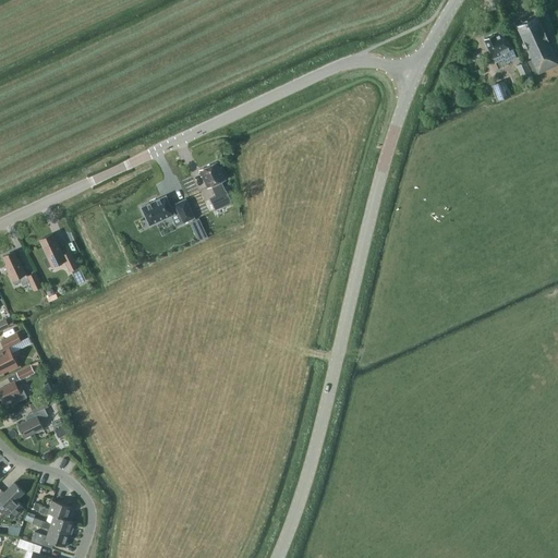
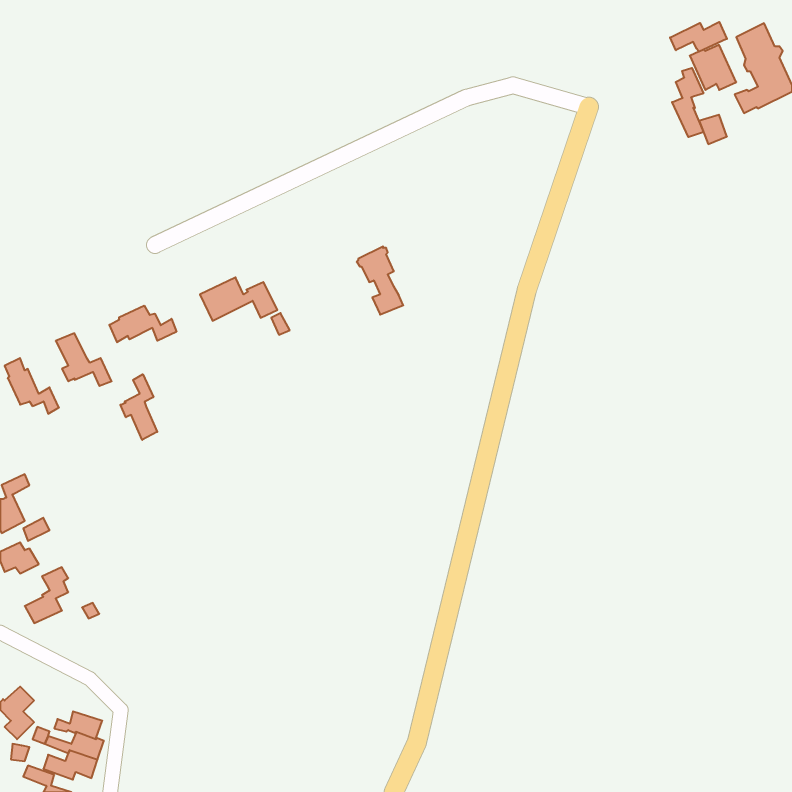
building: none -> [670,22,727,52]
building: none -> [672,68,703,137]
building: [199,161,232,209] -> [357,246,403,315]
building: none -> [109,306,176,342]
building: none -> [120,374,157,440]

